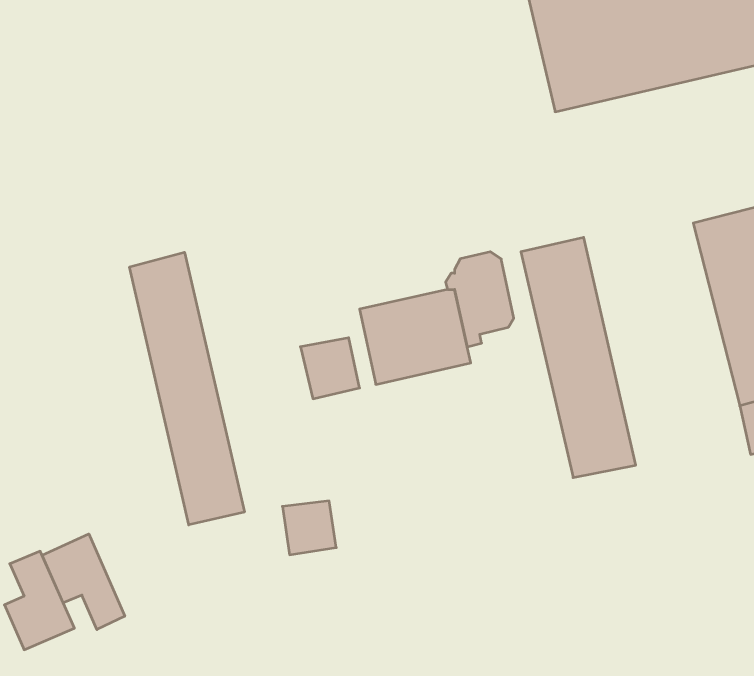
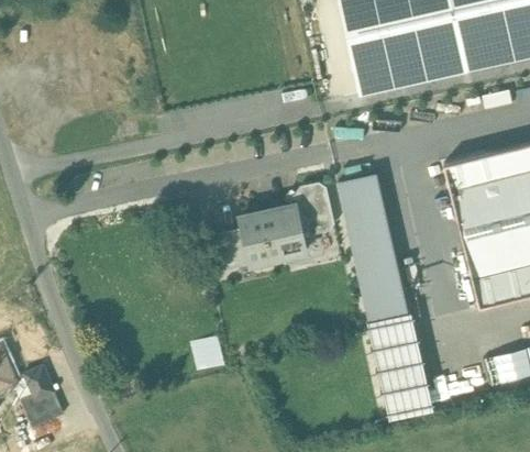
building: [130,252,244,525] -> none
building: none -> [367,312,433,419]
building: [42,534,125,630] -> none

